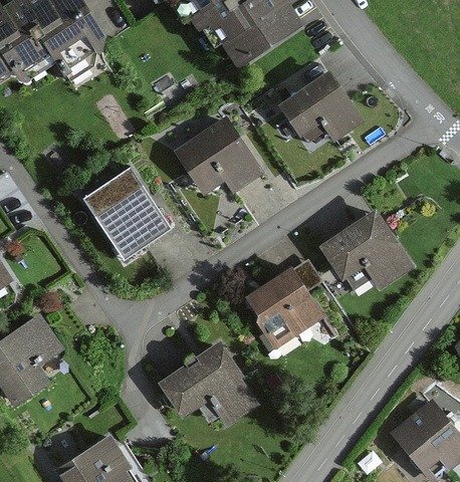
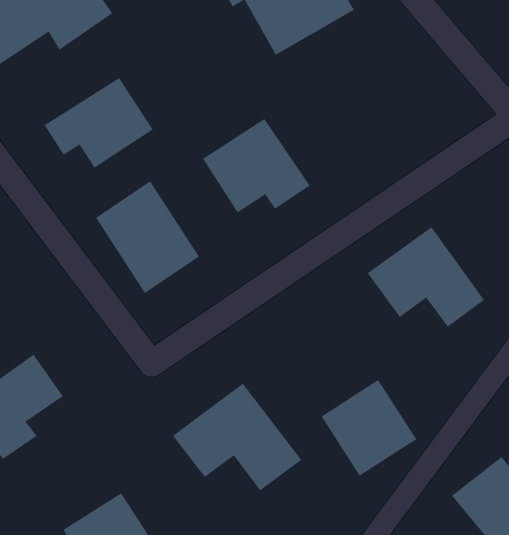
building: [278,72,362,142] -> none
building: none -> [44,77,153,169]
building: [248,265,328,346] -> [321,379,417,477]

